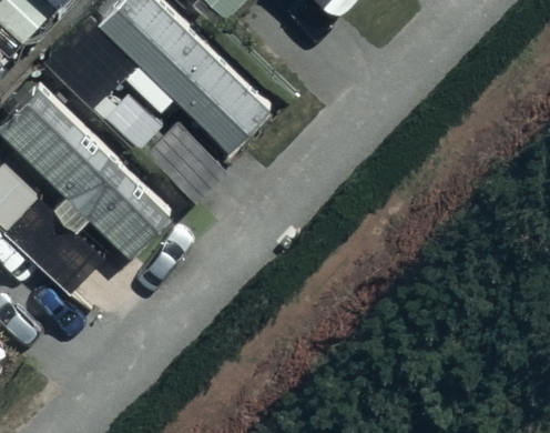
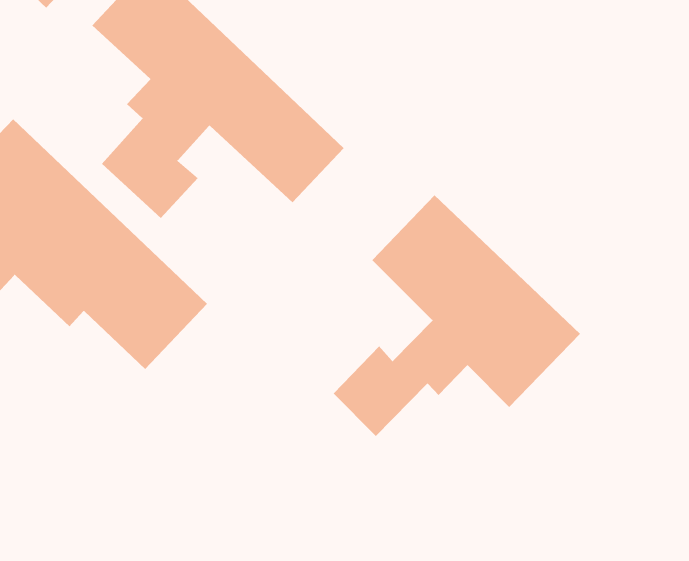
building: none -> [333,194,581,437]

